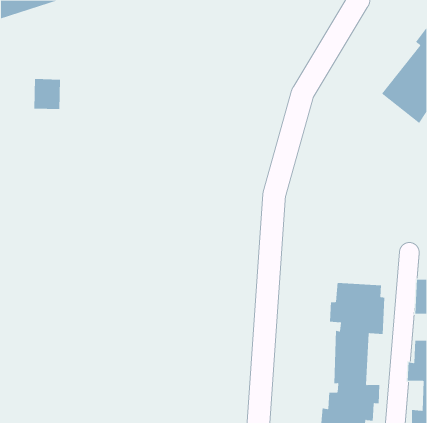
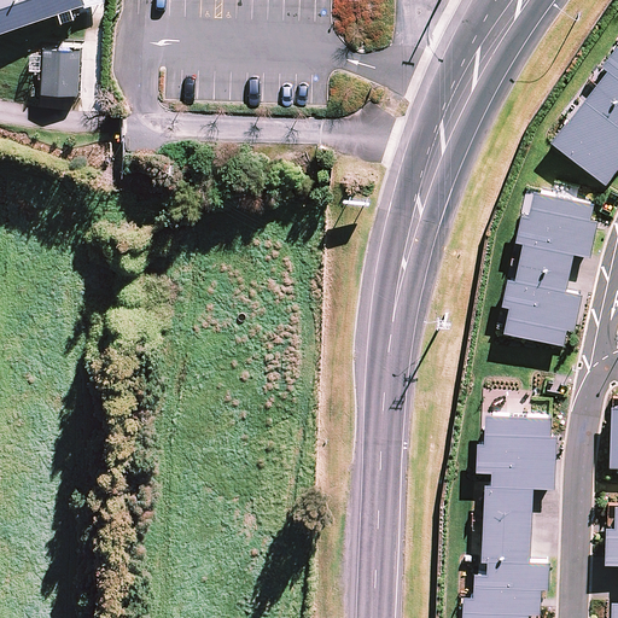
building: [33,79,61,110] -> [41,53,81,98]
building: none -> [501,191,597,345]

